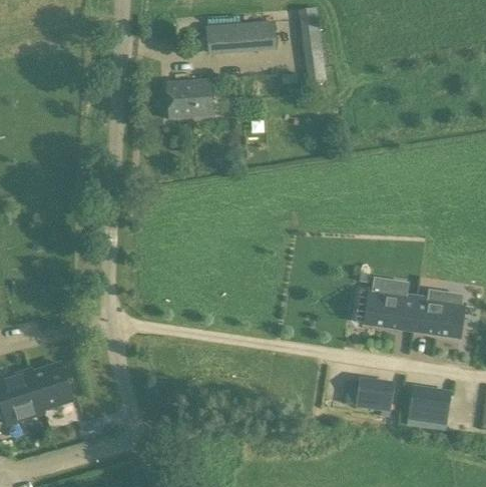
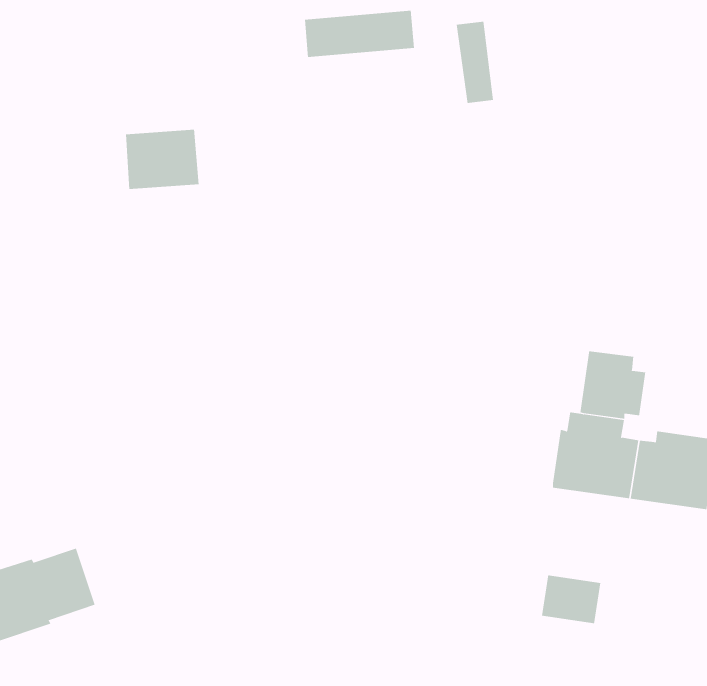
building: [166,80,213,118] -> [125,129,200,189]
building: none -> [580,351,646,420]
building: [412,388,451,419] -> none

